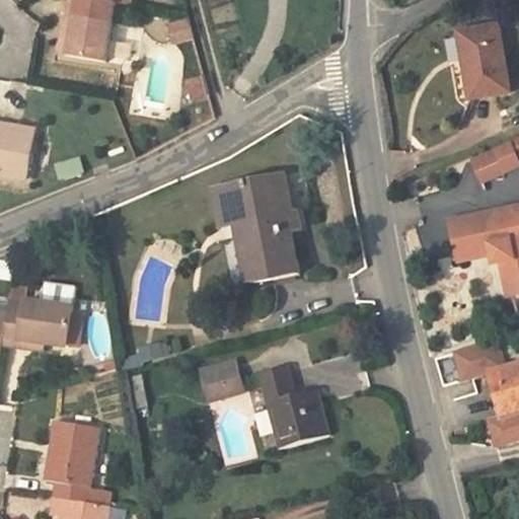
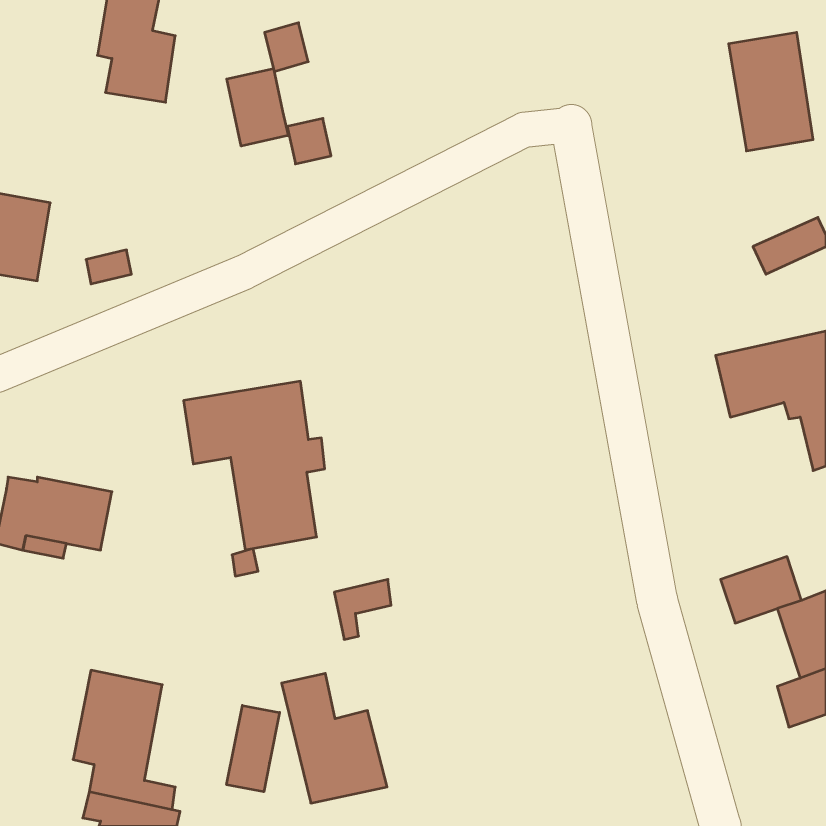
building: none -> [227,68,288,146]
building: [212,174,300,280] -> [184,381,325,550]
building: [264,367,329,448] -> [282,673,387,803]
building: none -> [227,705,280,792]

